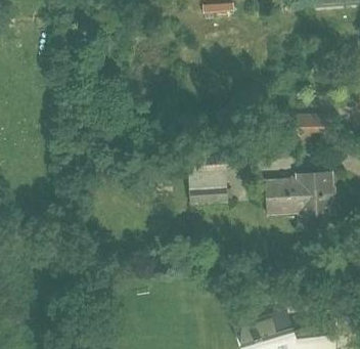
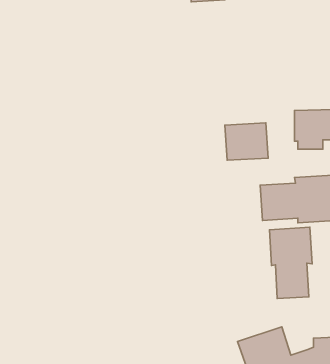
building: [184,168,223,202] -> [225,123,268,160]
building: none -> [269,227,312,298]

